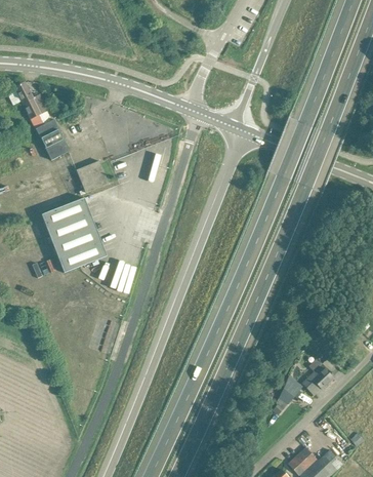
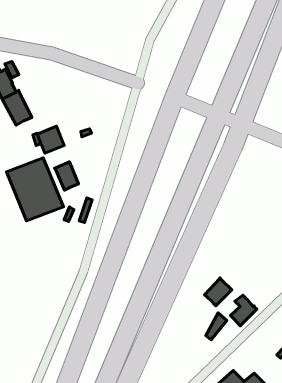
building: none -> [55,162,78,190]
building: none -> [204,278,232,306]

